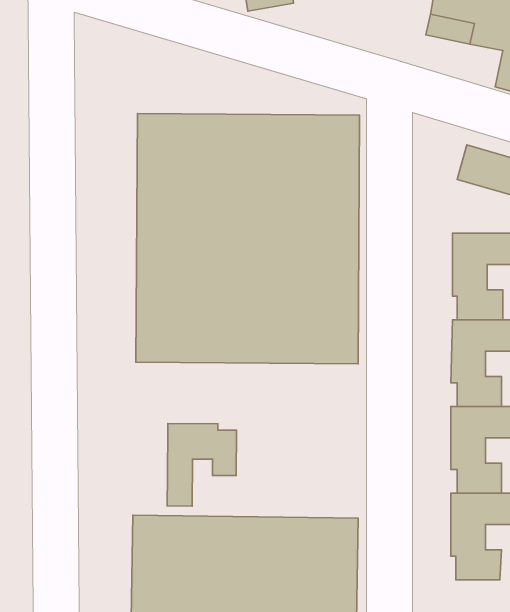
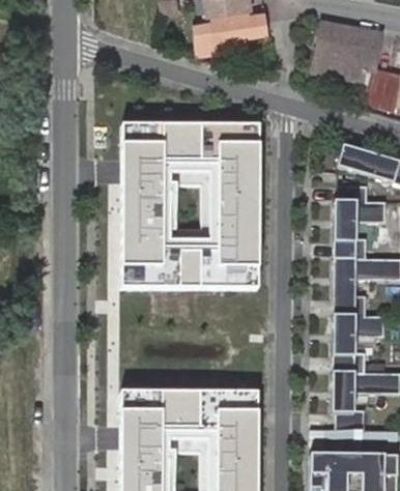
building: [167,423,237,506] -> none

